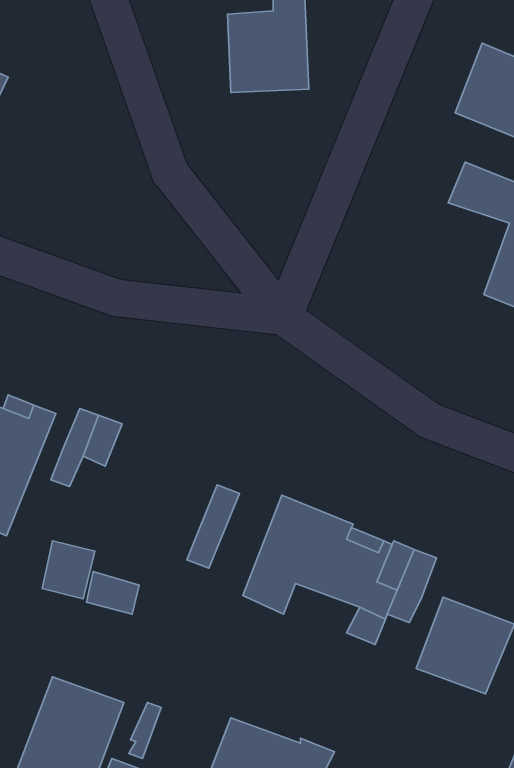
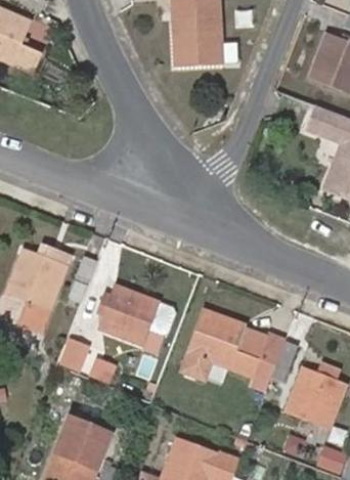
building: none -> [97,286,159,344]

